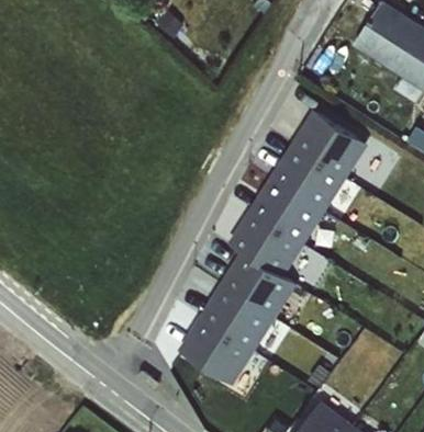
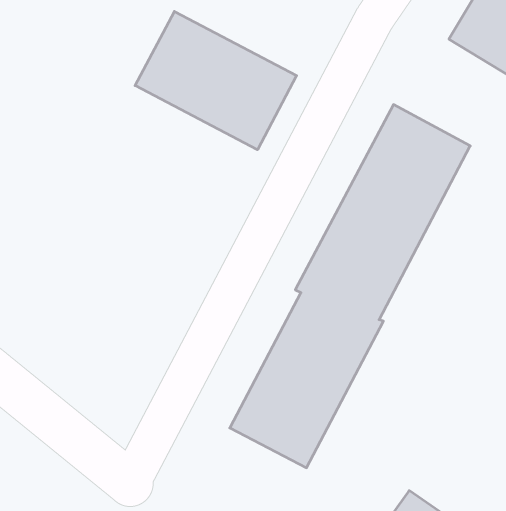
building: none -> [135,11,297,150]

